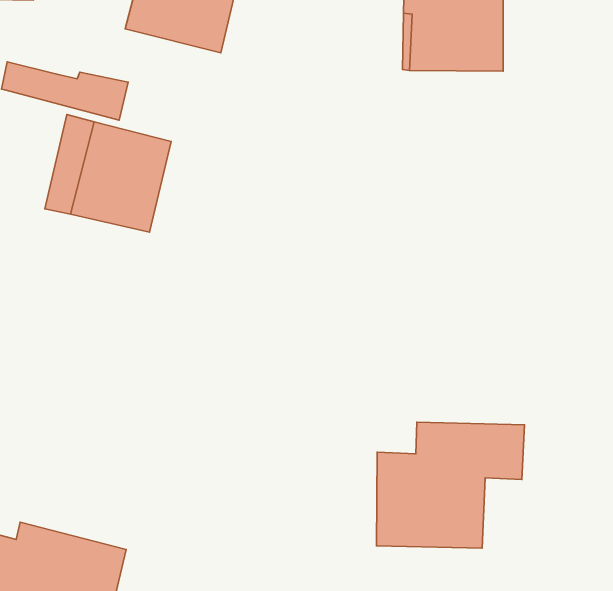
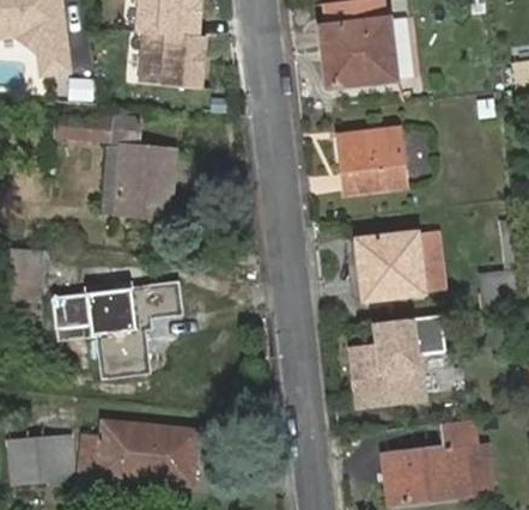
building: none -> [346,125,415,188]
building: none -> [359,231,427,297]
building: none -> [87,284,183,380]

